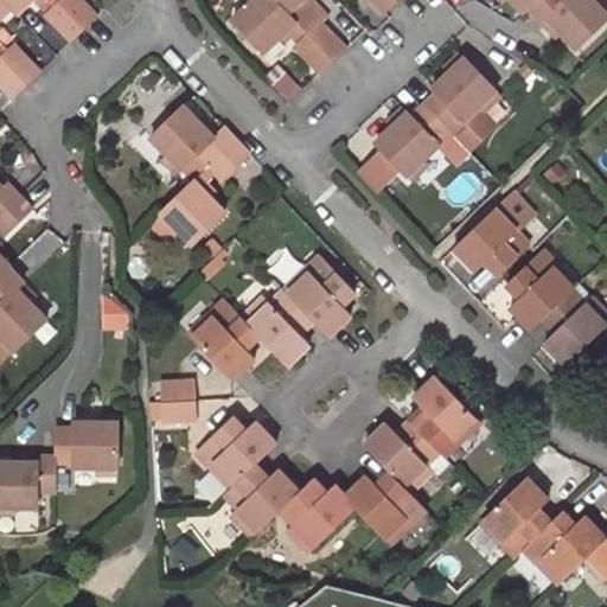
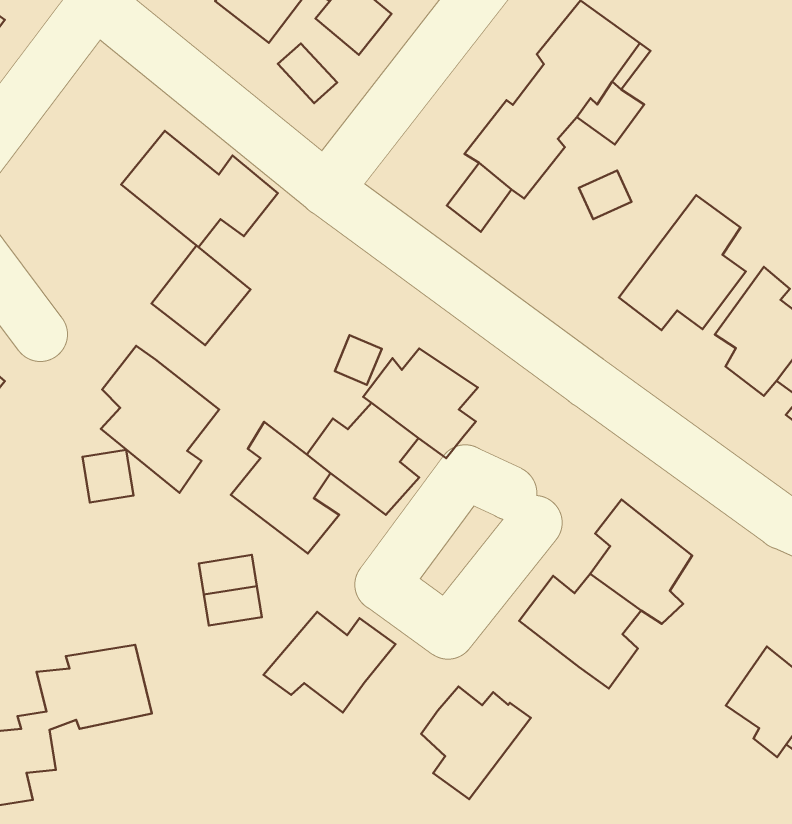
building: none -> [101,346,219,493]
building: [228,469,299,542] -> none
building: [345,477,416,548] -> none

